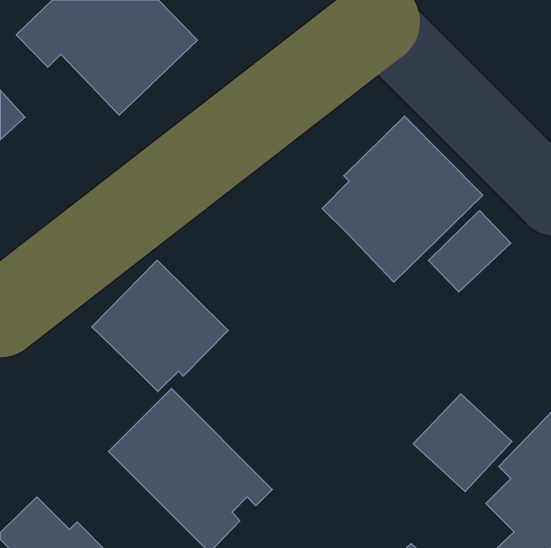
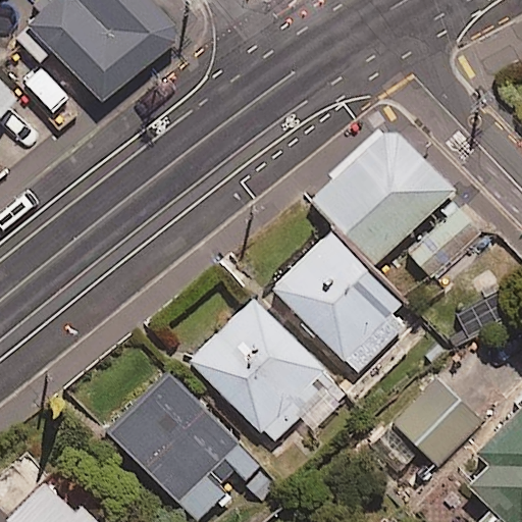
building: none -> [269,225,408,377]
building: [92,260,228,392] -> none
building: none -> [187,296,349,443]

